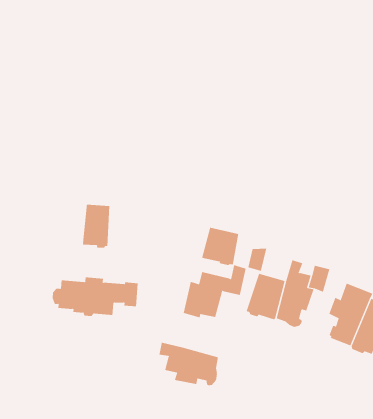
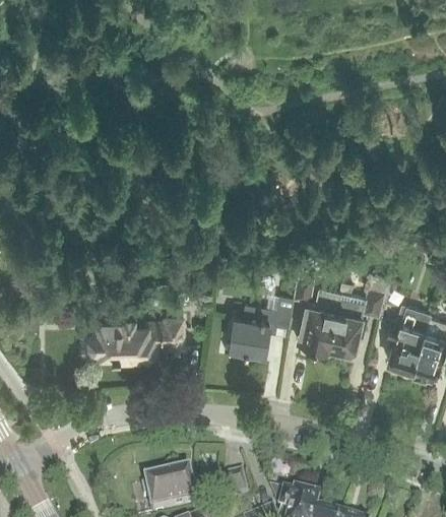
building: [83,204,110,248] -> none
building: [202,227,239,266] -> none
building: [159,342,218,386] -> none

